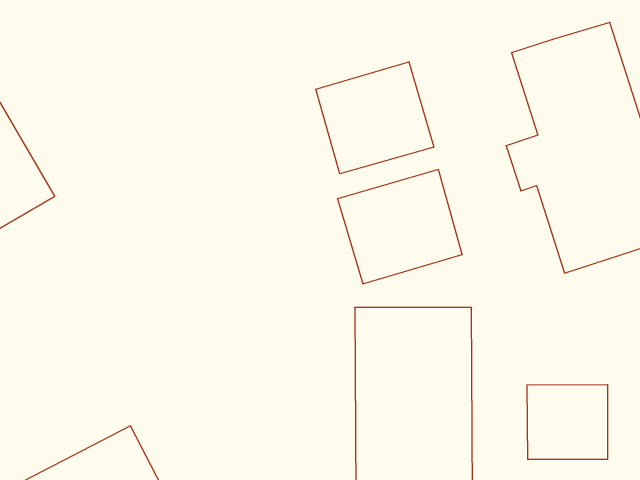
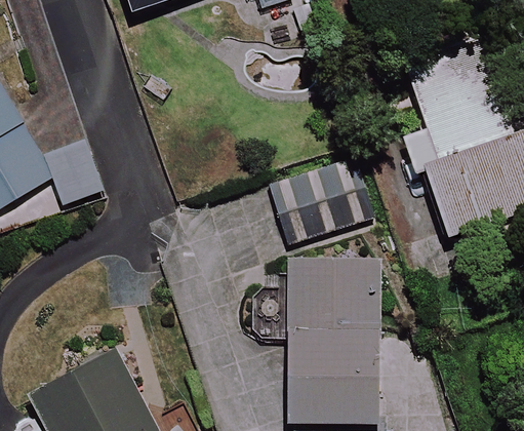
building: [316,62,434,174] -> none
building: [527,385,607,460] -> none

